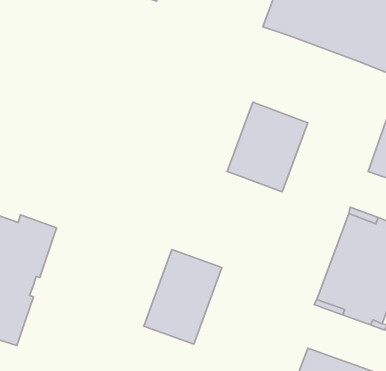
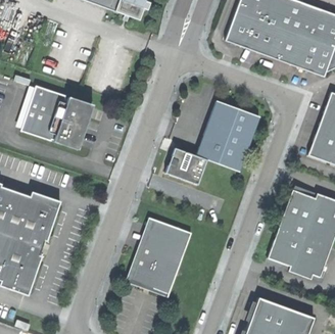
building: none -> [20,86,94,150]
building: none -> [166,148,207,185]
building: none -> [126,218,170,297]

